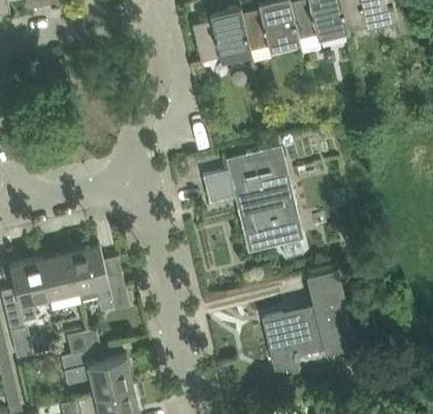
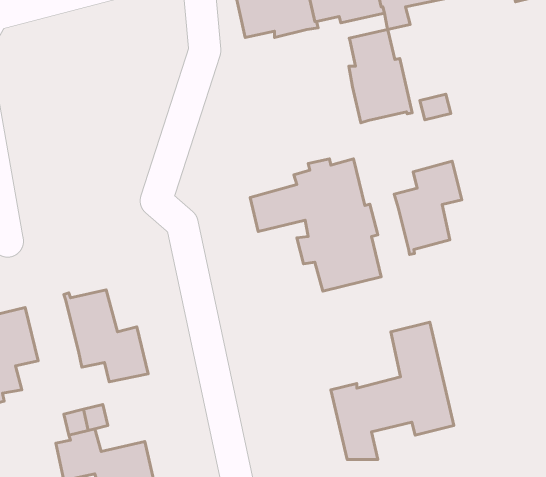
building: none -> [349,29,412,123]
building: none -> [394,161,462,254]
building: [39,254,78,299] -> none

